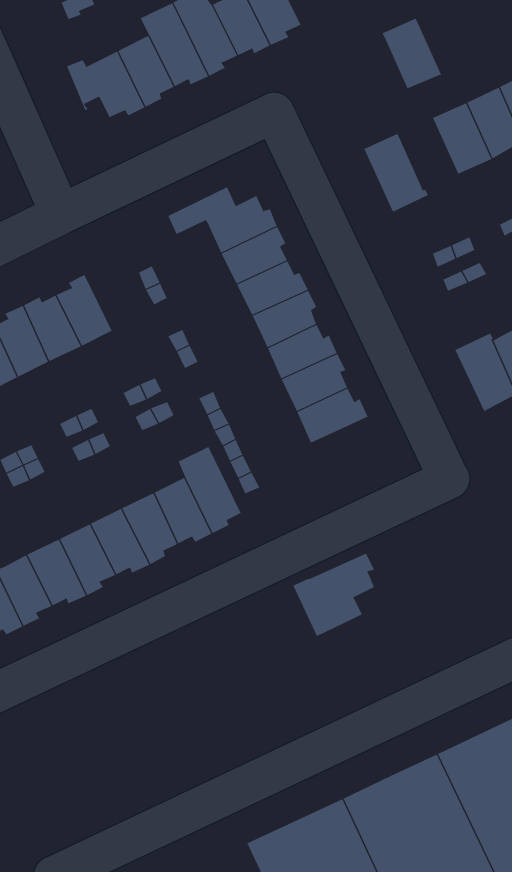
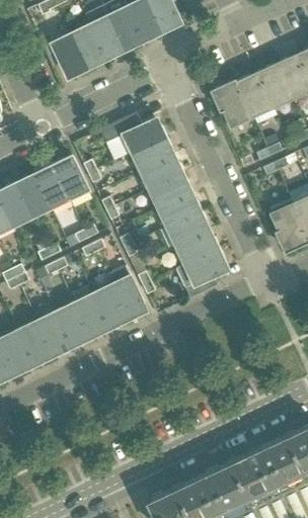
building: [382,18,442,90] -> [236,73,272,115]
building: none -> [52,159,87,198]
building: [292,553,375,637] -> [175,249,224,298]

